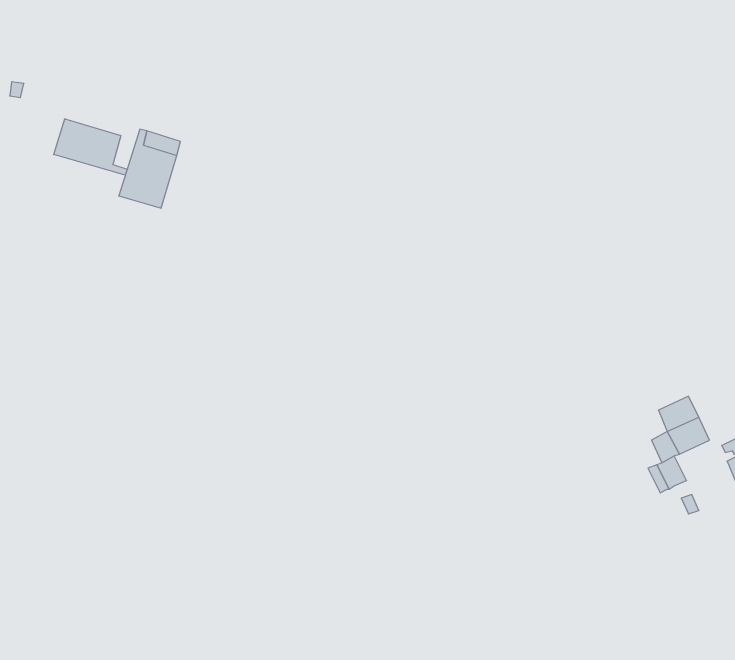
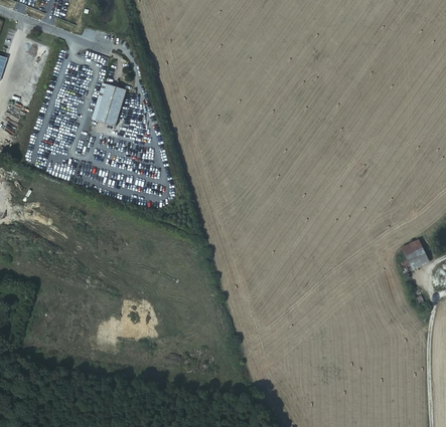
building: [54,119,127,175] -> none

